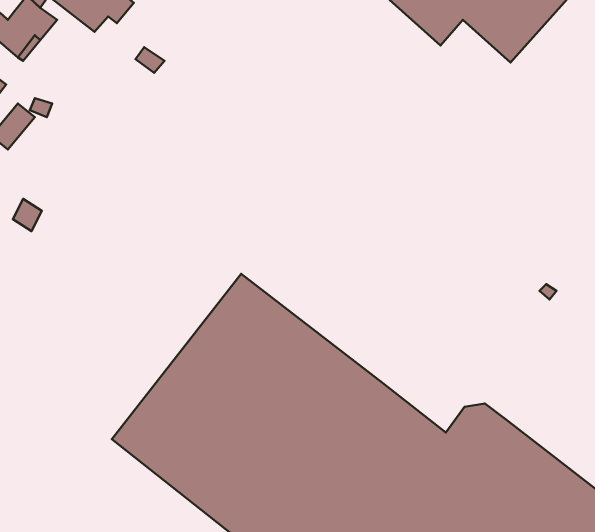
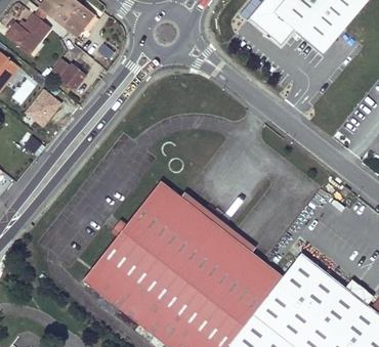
building: none -> [47,56,83,89]
building: none -> [27,89,61,125]

